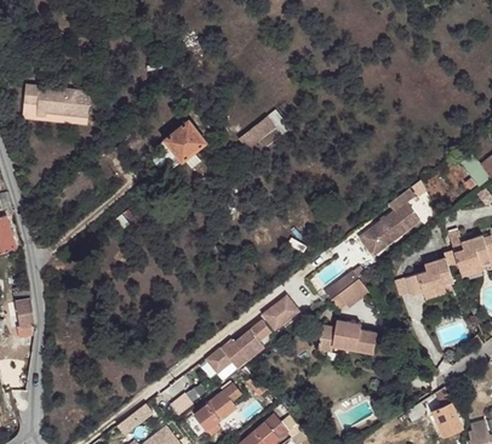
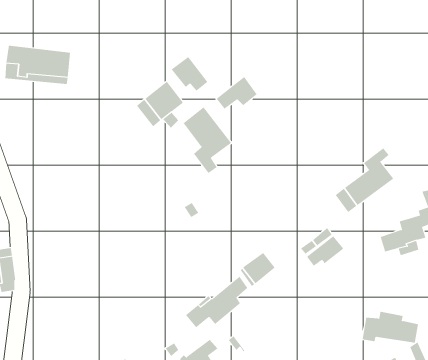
building: none -> [171,56,208,92]
building: none -> [183,107,232,174]
building: [317,319,376,352] -> [362,311,419,343]

